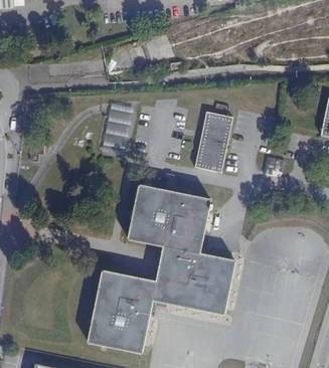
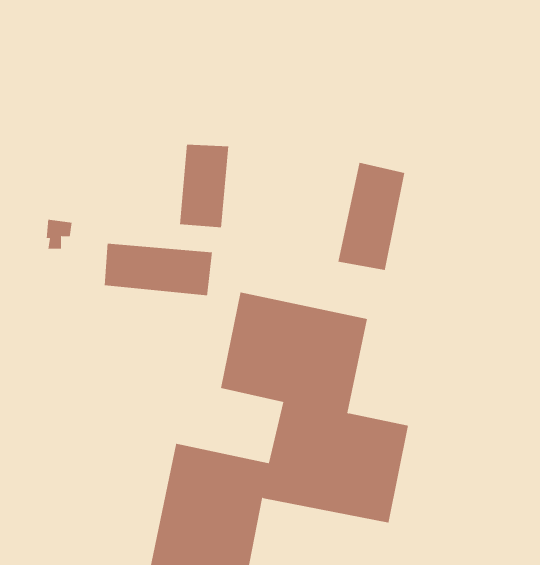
building: none -> [104,243,213,296]

